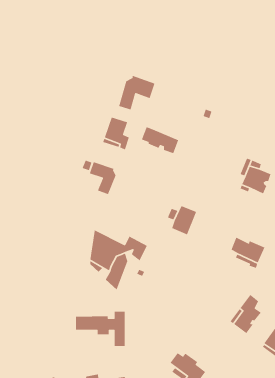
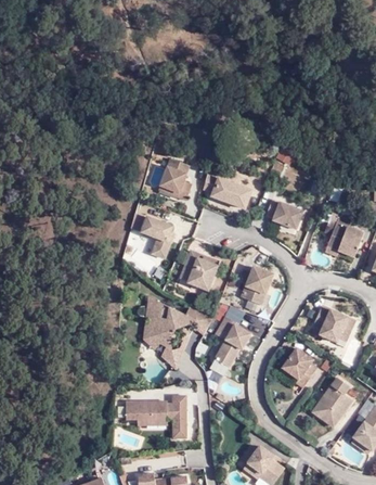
building: [118,75,155,110] -> none
building: none -> [265,196,304,228]
building: none -> [180,252,219,291]
building: none -> [218,317,251,365]
building: none -> [282,348,317,390]

